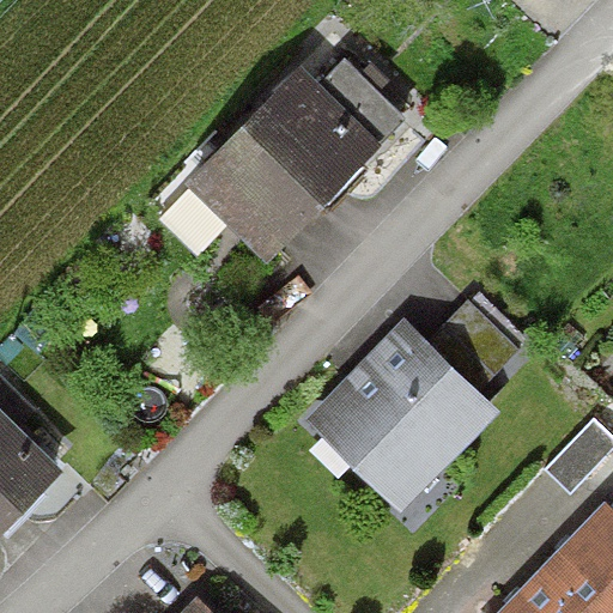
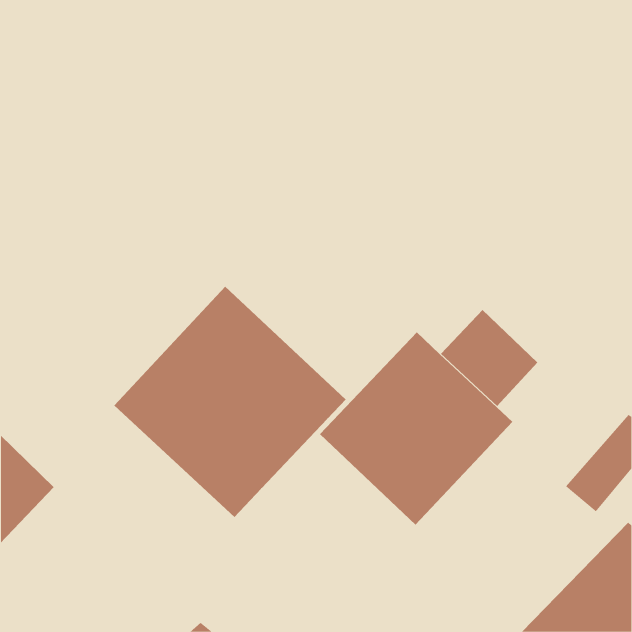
building: [200,75,372,249] -> none
building: none -> [113,286,346,518]

